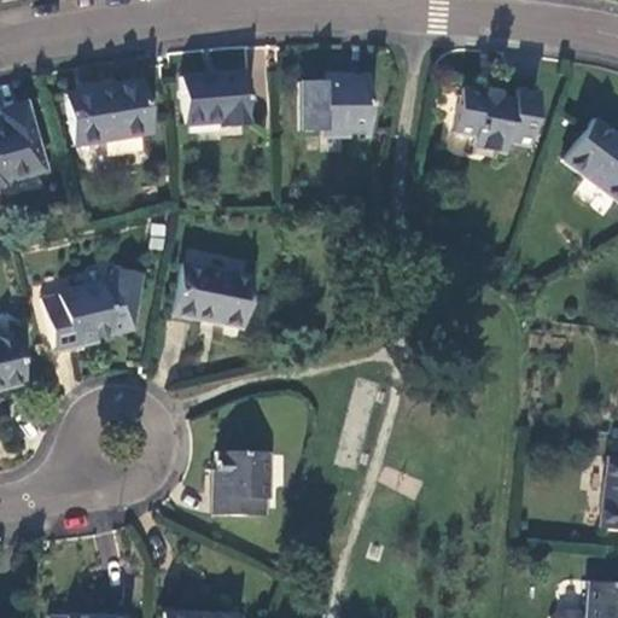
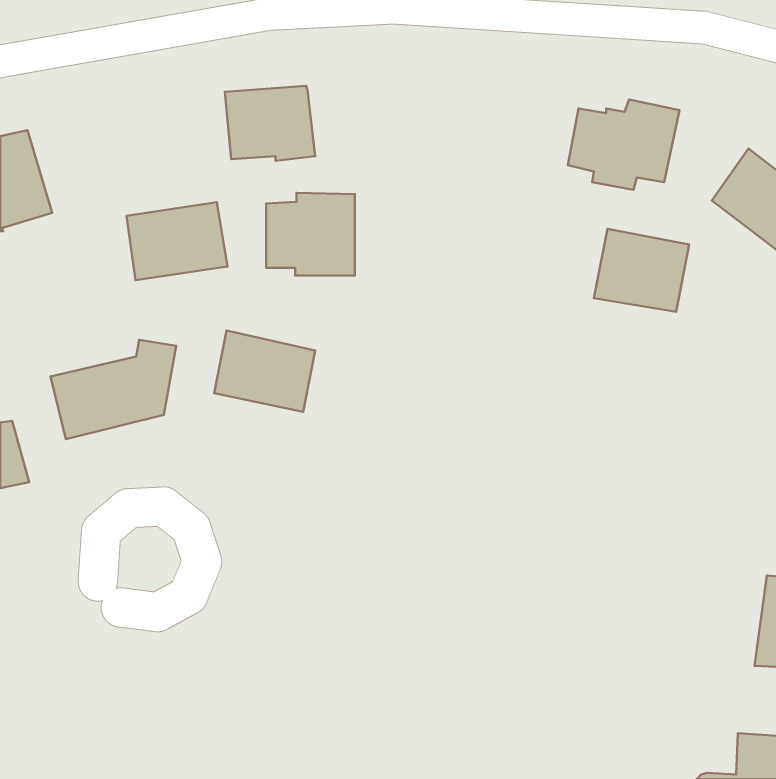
building: [302,71,372,136] -> [266,193,355,275]
building: [70,81,150,142] -> [126,202,227,280]
building: none -> [594,229,689,312]
building: [217,449,269,512] -> none

